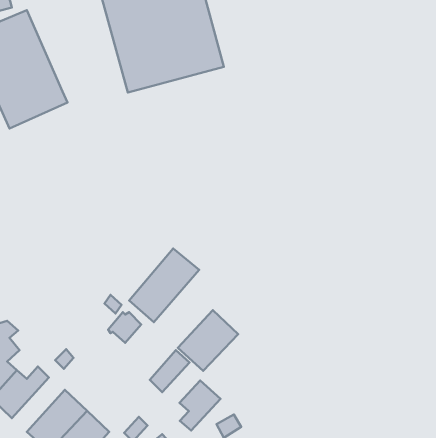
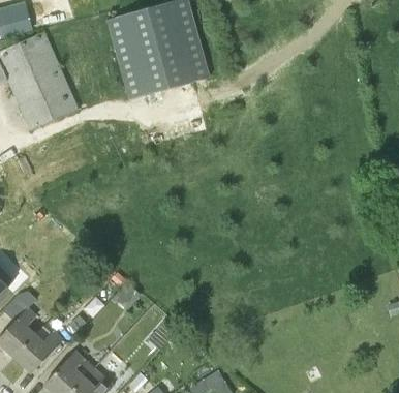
building: [129,248,199,322] -> none
building: [178,310,238,371] -> none
building: [180,380,220,431] -> none

